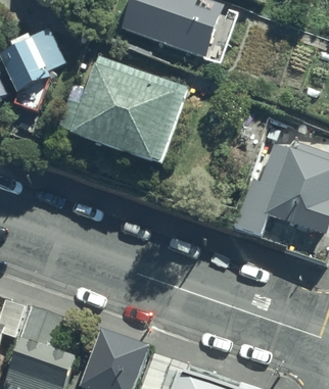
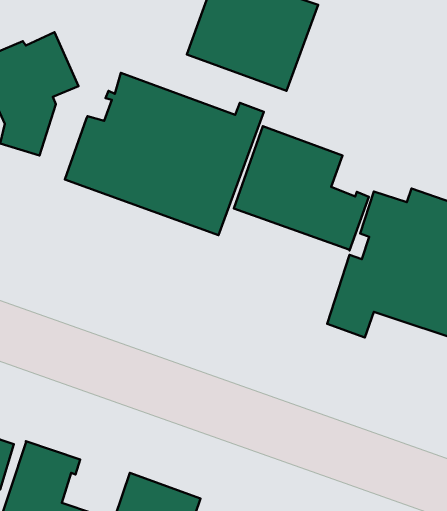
building: none -> [234,126,369,250]

